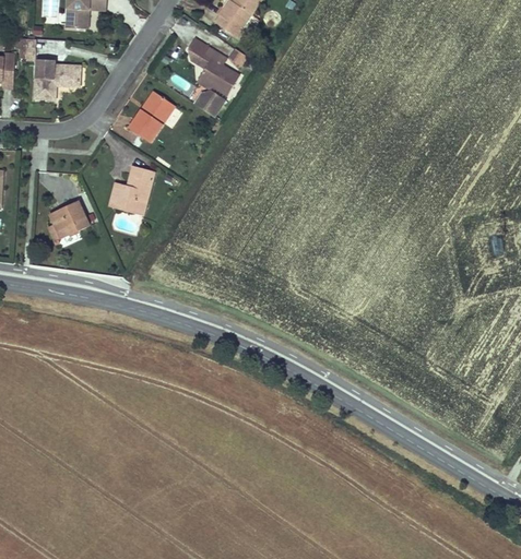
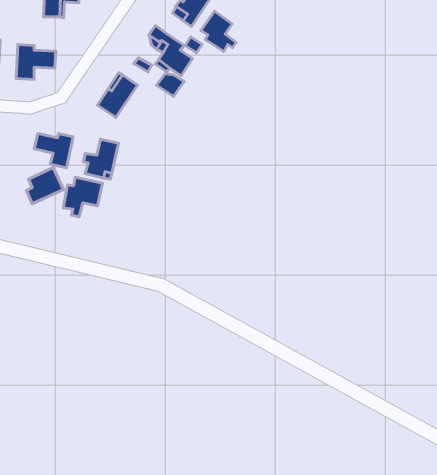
building: none -> [201,11,236,52]
building: none -> [34,133,73,168]
building: none -> [63,177,103,217]

